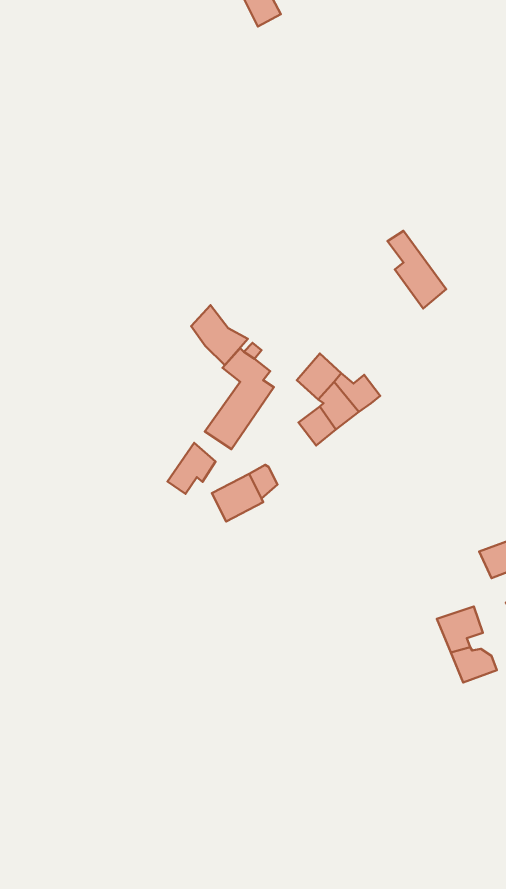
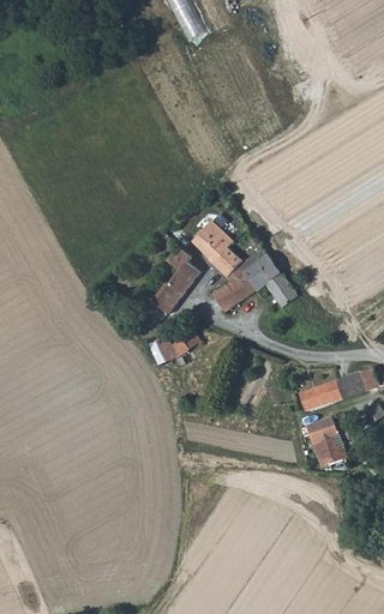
building: [388,231,446,309] -> [259,253,299,306]
building: [191,305,248,365] -> [191,223,229,264]
building: [168,443,216,494] -> none
building: none -> [304,380,346,413]

